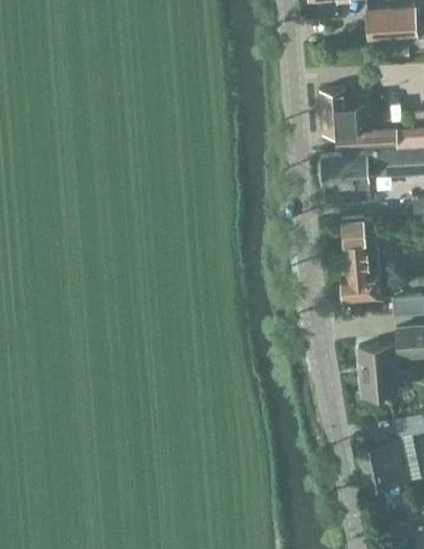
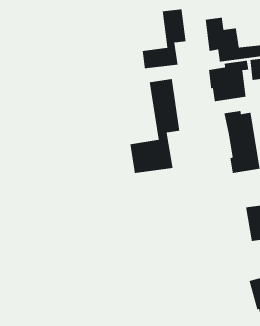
building: none -> [142,8,186,69]
building: none -> [130,78,180,174]

